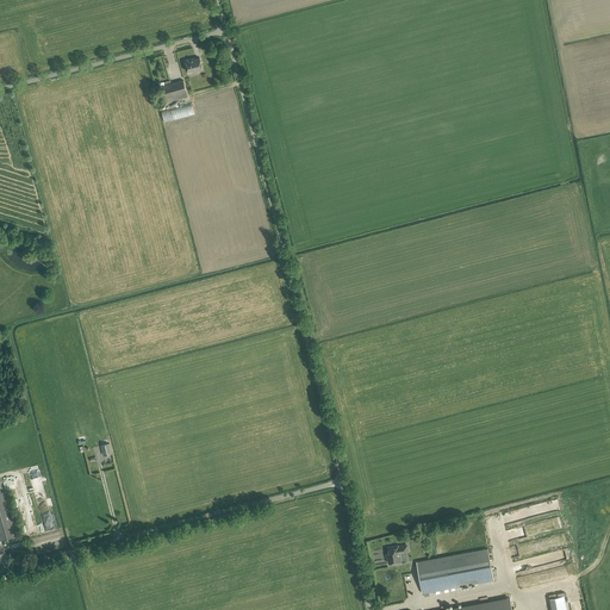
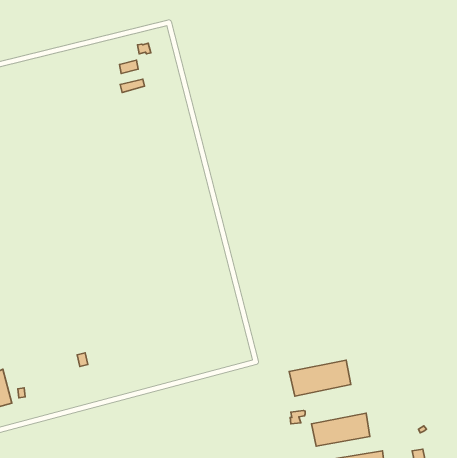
building: none -> [289,360,351,396]

